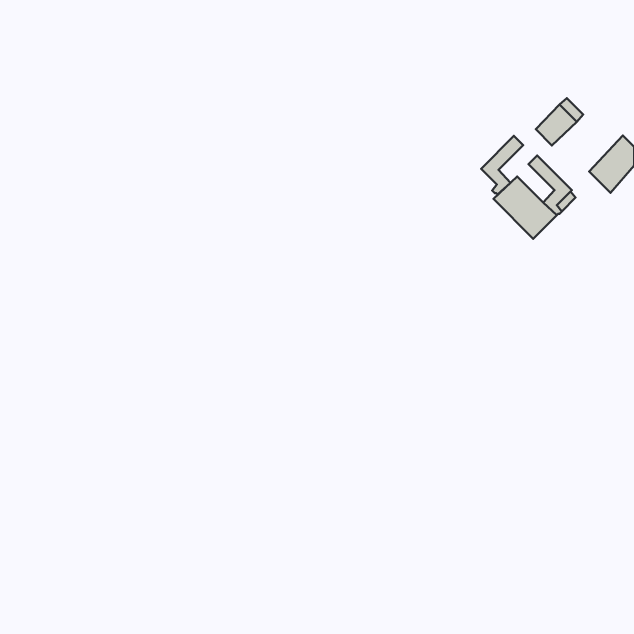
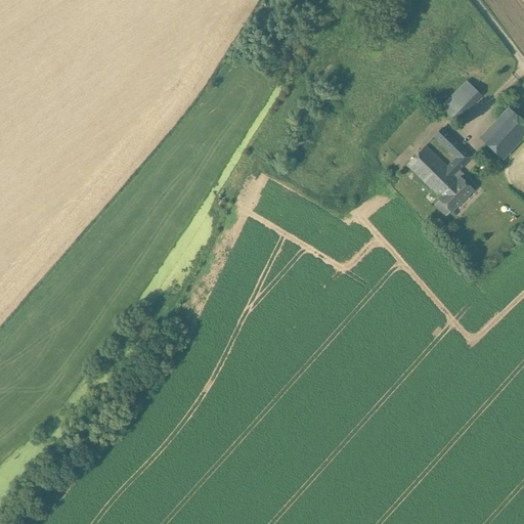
building: [481,136,523,195] -> none
building: none -> [437,176,474,212]

